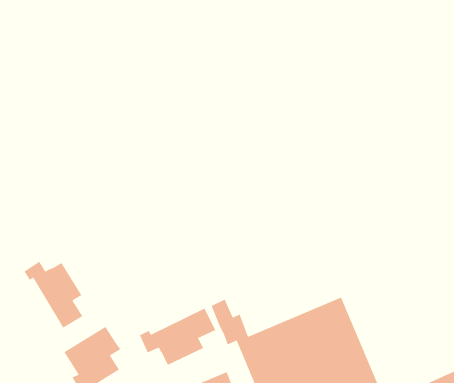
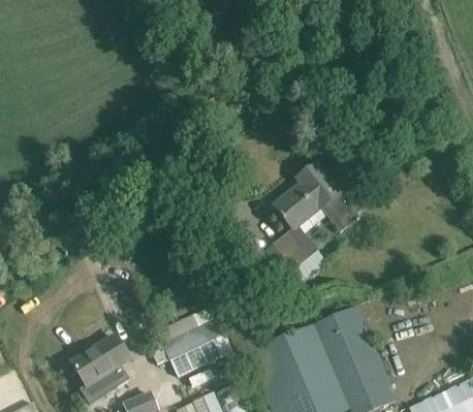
building: none -> [271,163,358,271]
building: [24,261,83,328] -> none

